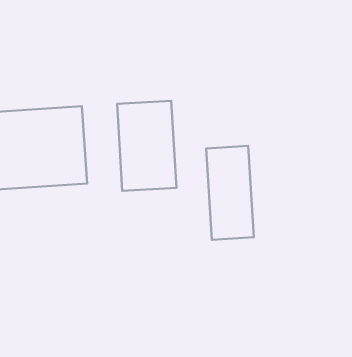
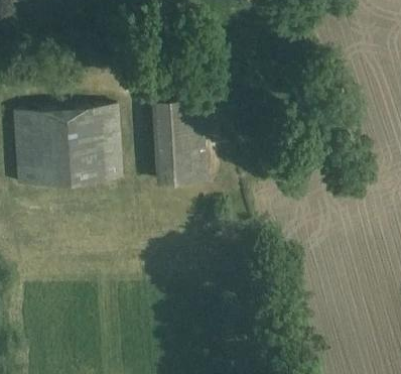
building: [206,146,254,240] -> none

